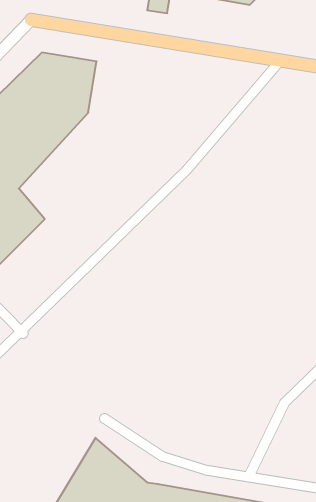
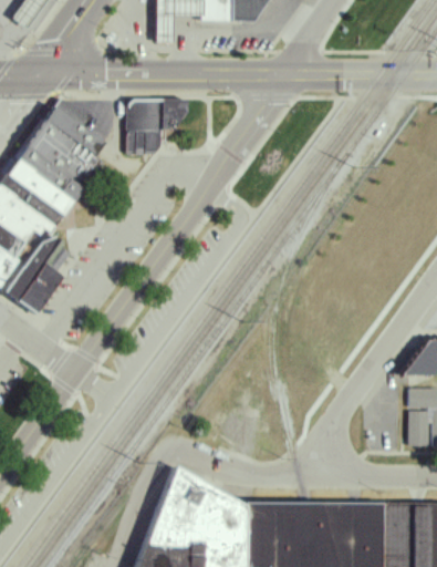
building: none -> [132,101,190,158]

